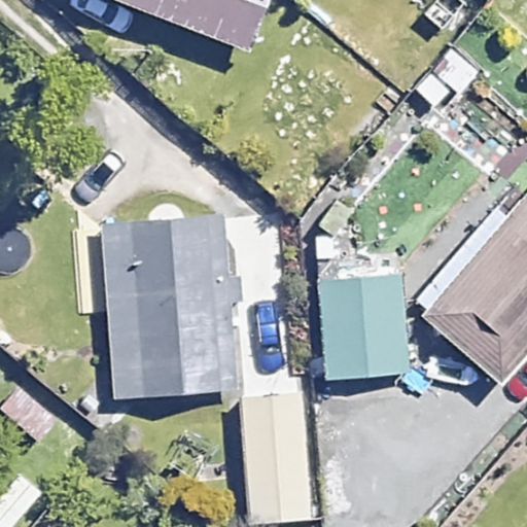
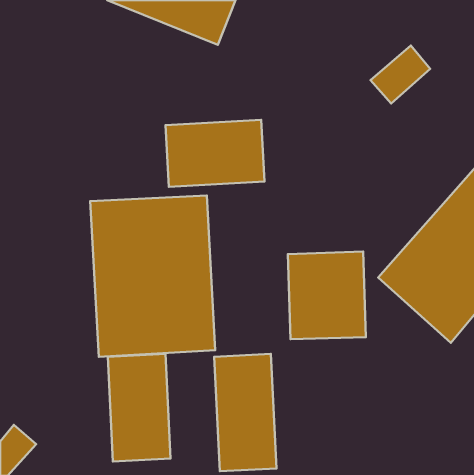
building: none -> [166,120,264,187]
building: none -> [108,354,171,461]

